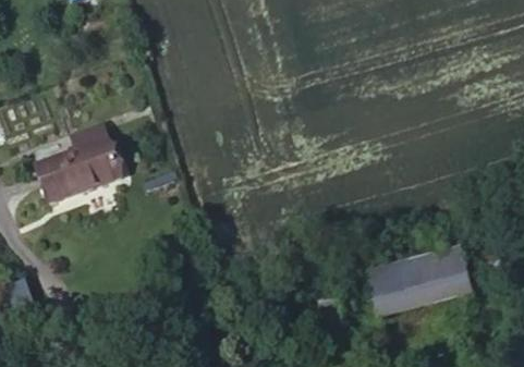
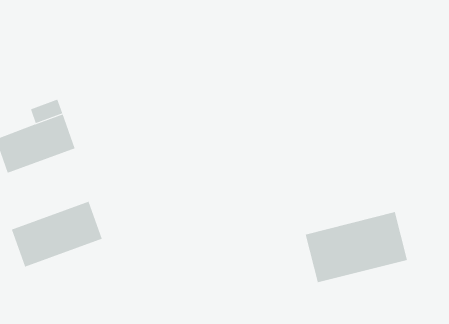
building: none -> [11,201,103,267]

